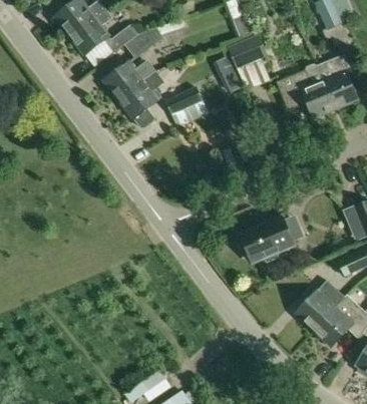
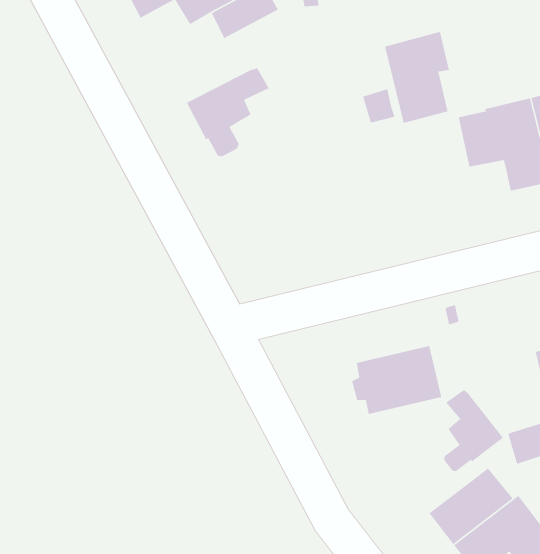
building: [104,60,154,99] -> none
building: [165,86,210,128] -> none
building: none -> [444,389,504,472]

